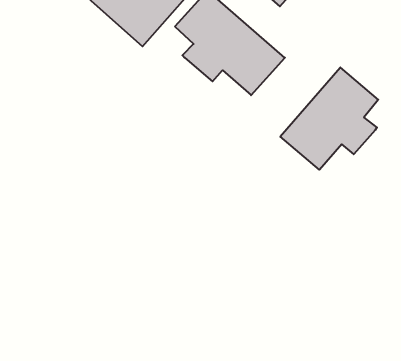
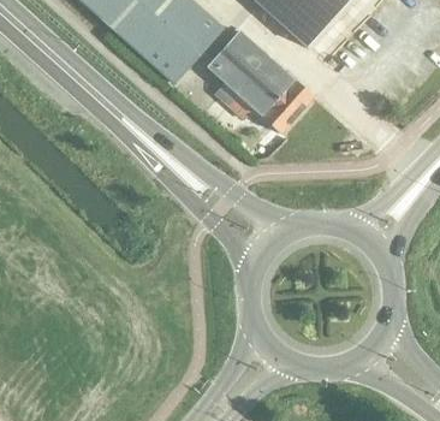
building: [280,67,378,170] -> none

